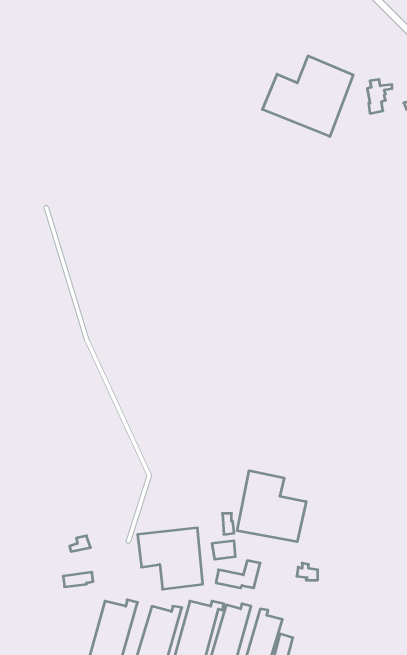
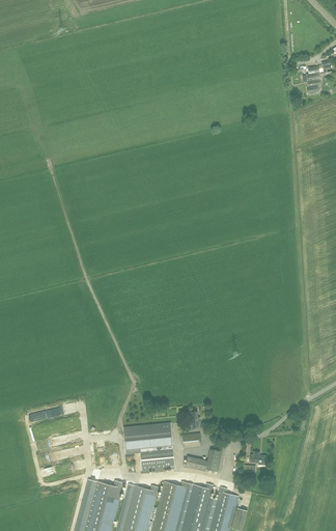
building: [262,56,353,137] -> none
building: [237,471,306,542] -> none

